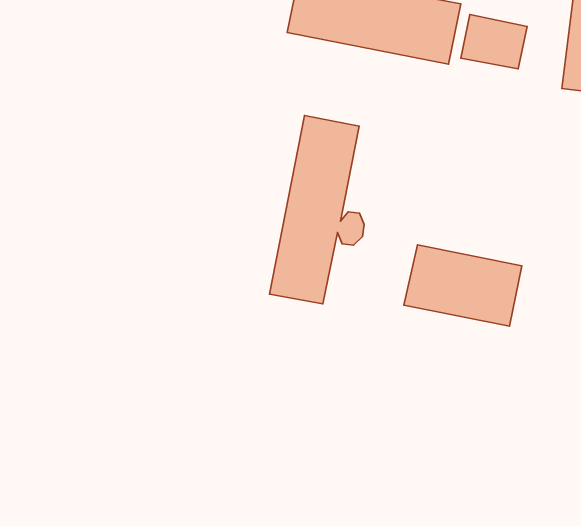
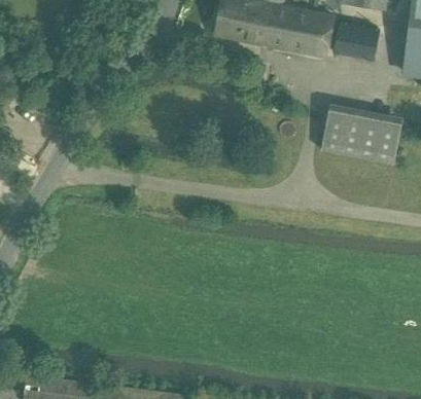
building: [269,116,364,304] -> none
building: [404,245,522,326] -> [321,110,401,166]

